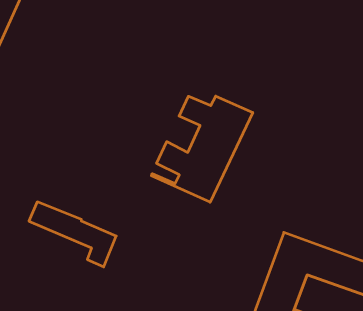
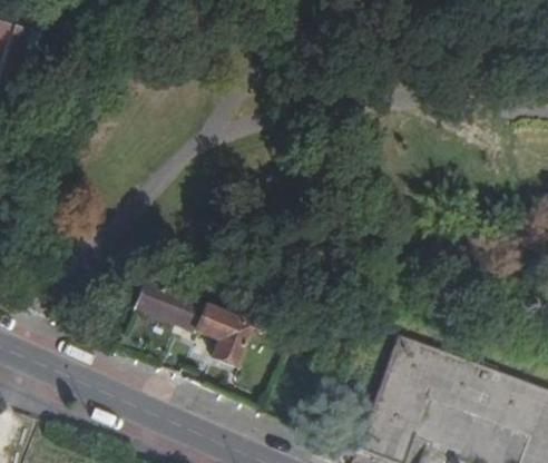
building: [151,96,253,202] -> none
building: [29,202,116,267] -> [135,279,252,366]

